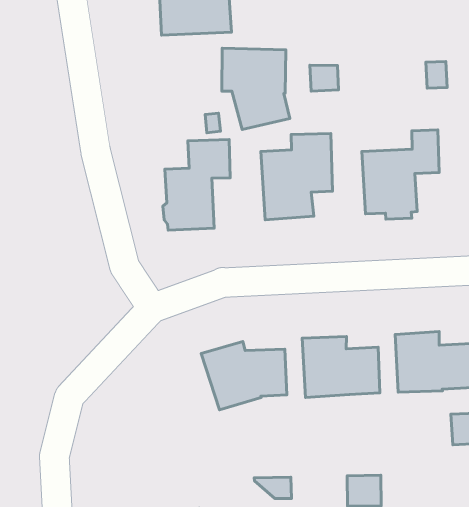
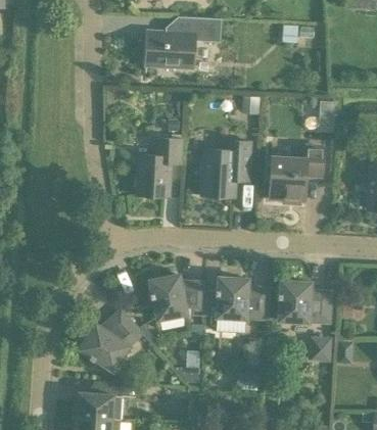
building: [222,48,290,130] -> none
building: none -> [78,310,141,370]

